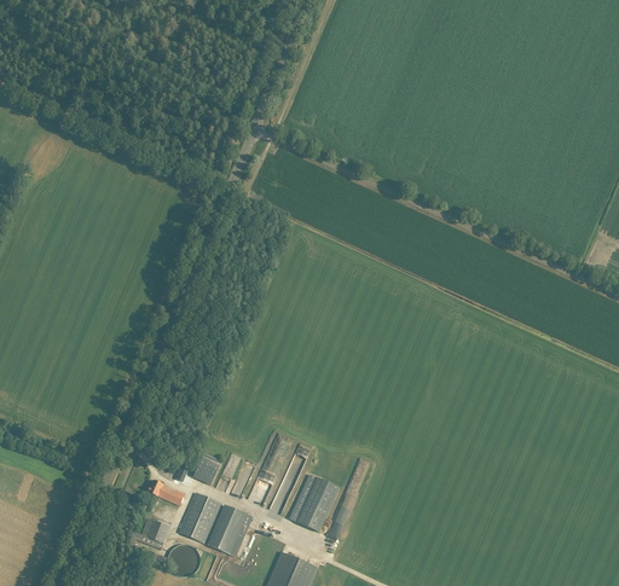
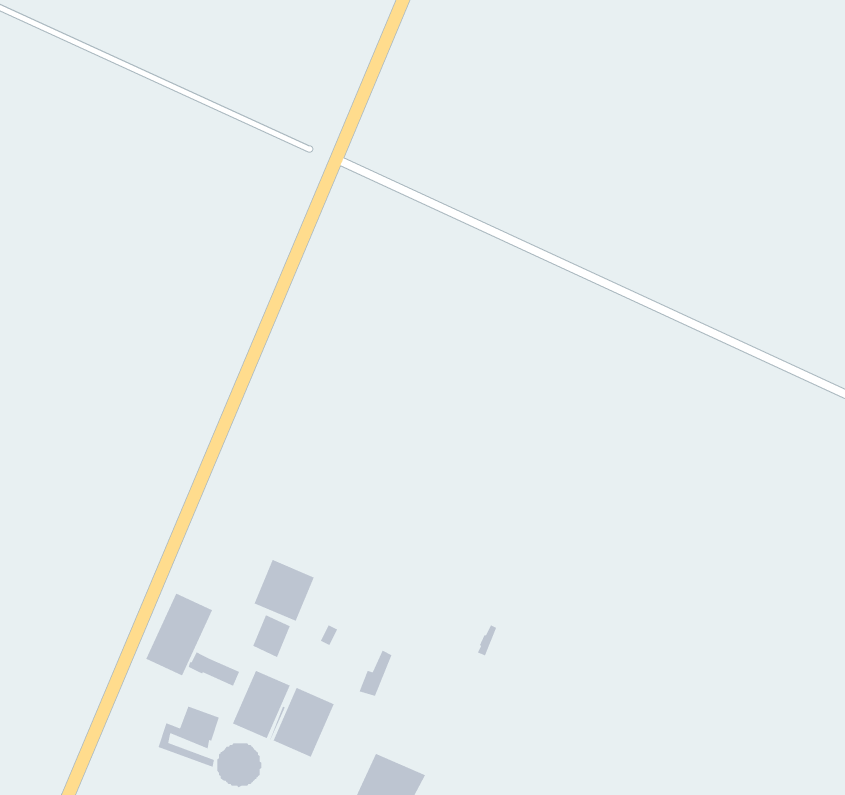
building: none -> [253,559,315,622]
building: none -> [145,593,213,676]
building: [289,475,339,532] -> none

